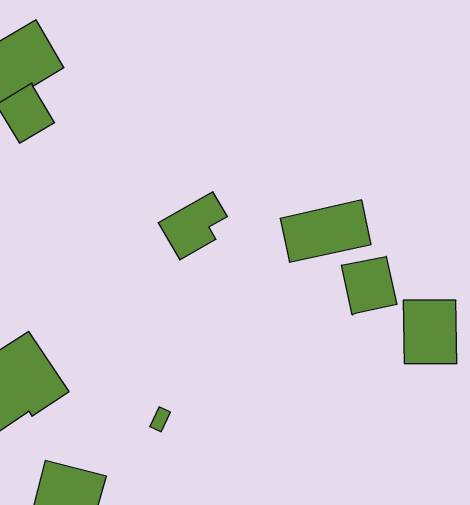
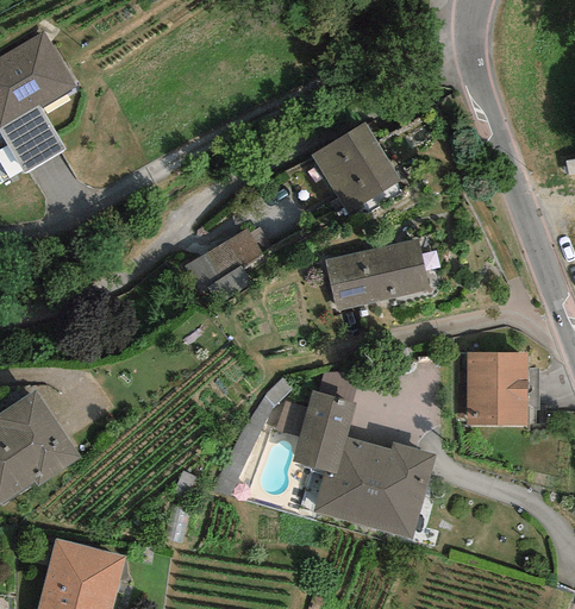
building: none -> [312,123,399,208]
building: [342,256,397,315] -> none
building: none -> [290,390,435,538]

